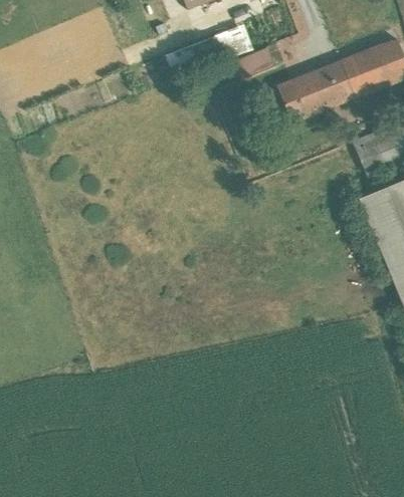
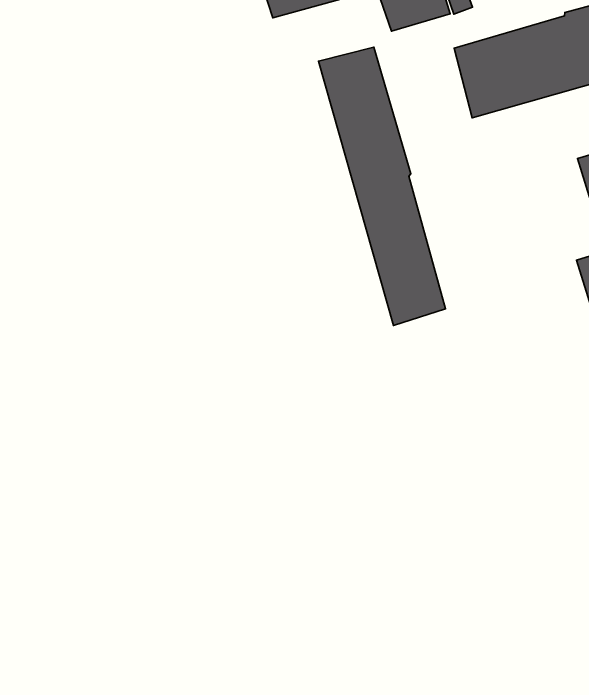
building: none -> [319,47,446,325]

